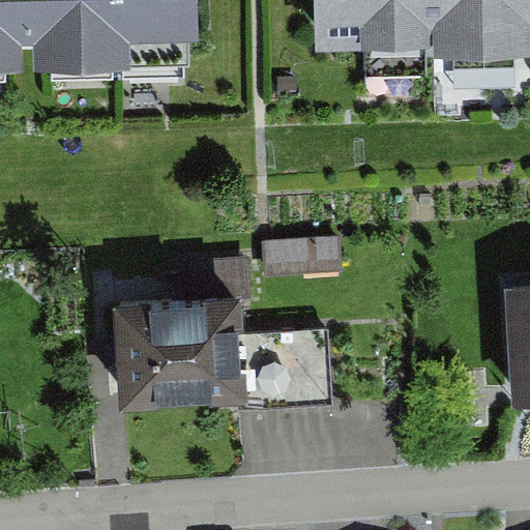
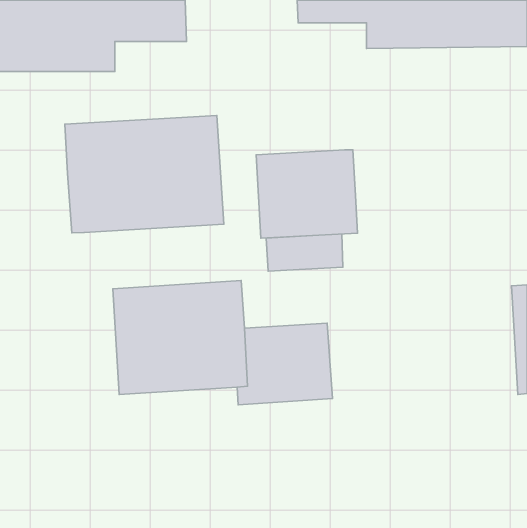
building: none -> [65,115,224,233]
building: none -> [256,150,358,238]

